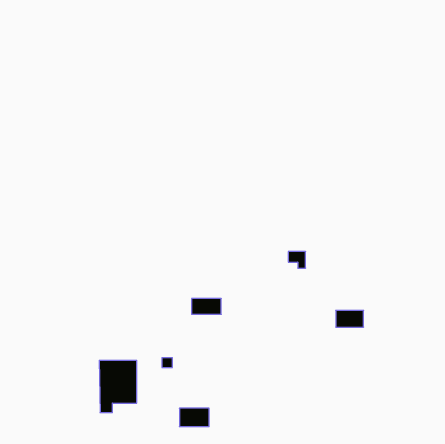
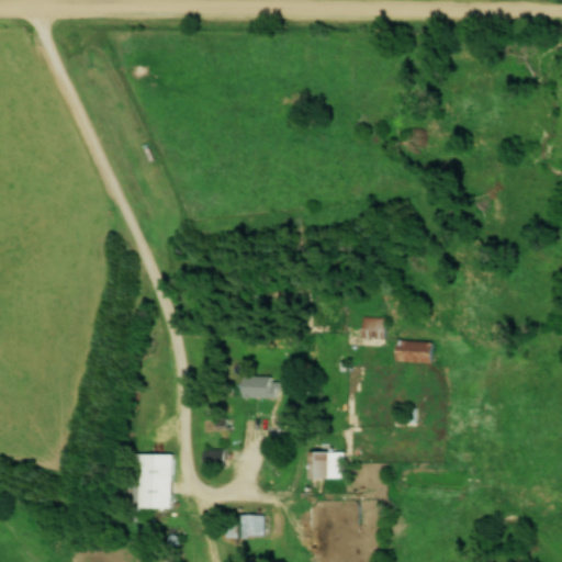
building: [336,310,364,327] -> [396,341,431,362]
building: none -> [308,452,345,480]

